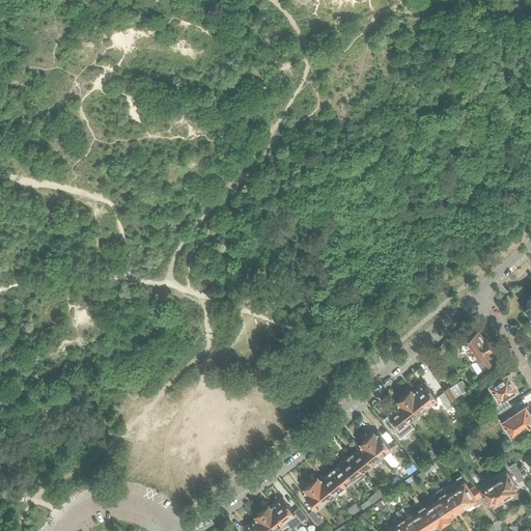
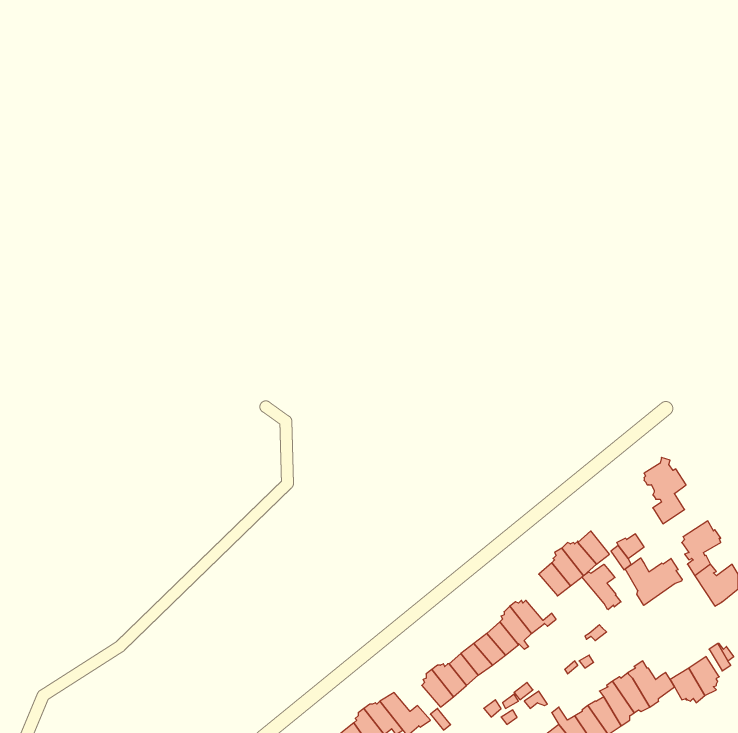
building: none -> [625,558,682,605]
building: none -> [582,564,621,610]

